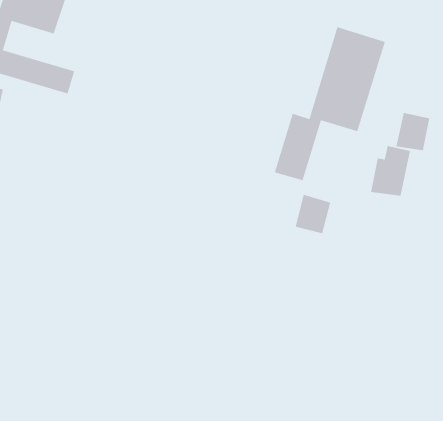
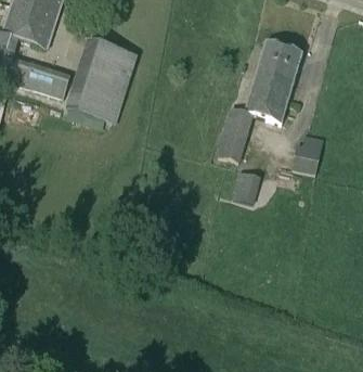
building: none -> [66,40,133,129]
building: [396,112,430,151] -> none

